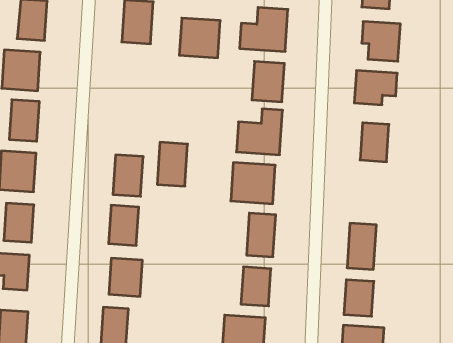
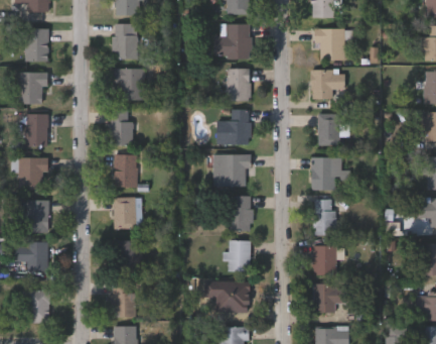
building: [179,18,220,58] -> [113,69,145,100]
building: [157,142,188,186] -> [109,110,132,145]
building: none -> [311,157,341,191]

